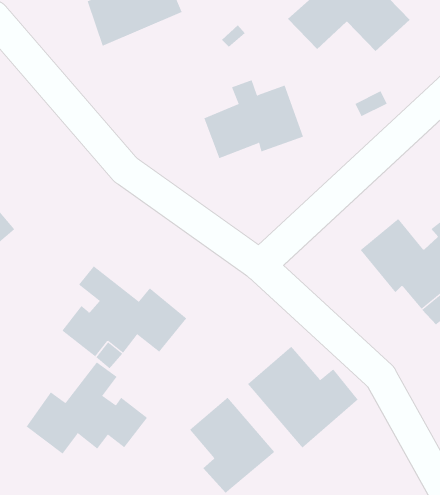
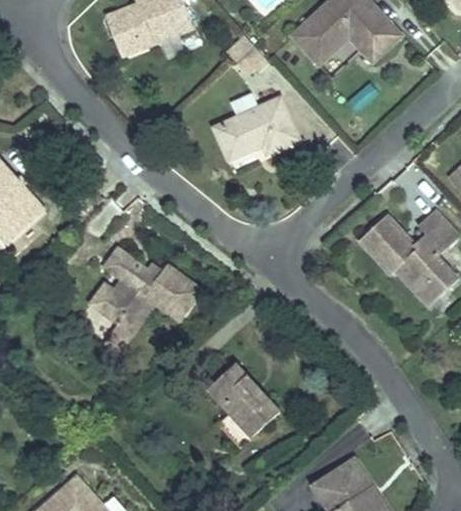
building: [247,346,359,449] -> none
building: [26,361,148,454] -> none

